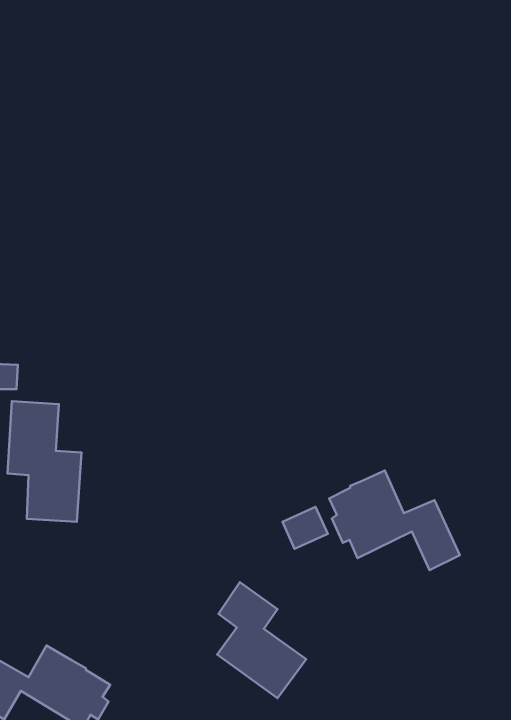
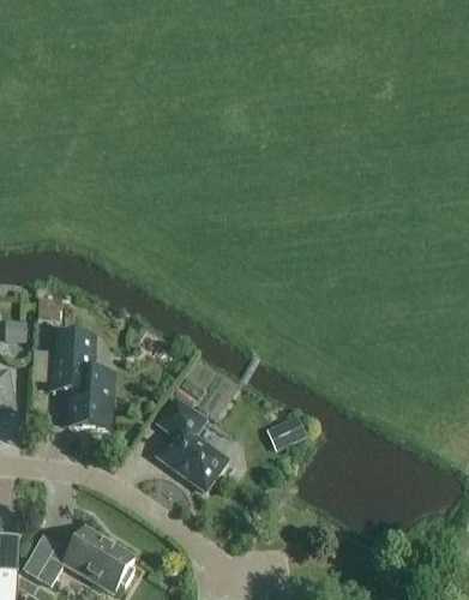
building: [329,470,460,570] -> none
building: [217,582,306,698] -> [157,397,228,490]

